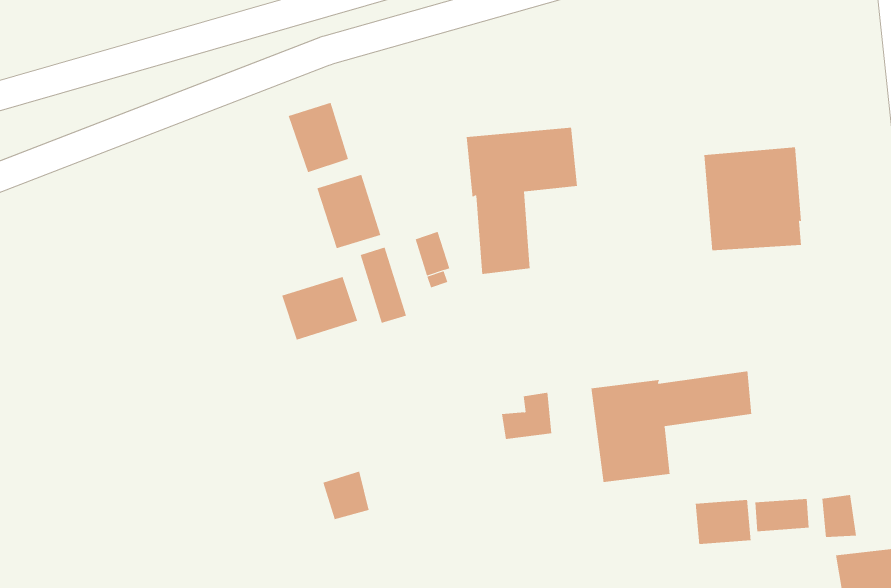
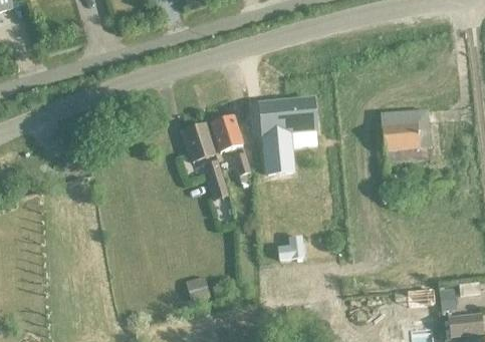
building: [288,102,349,173] -> [211,114,242,150]
building: [282,276,358,341] -> none
building: [591,370,752,483] -> none
building: [695,499,751,545] -> none

